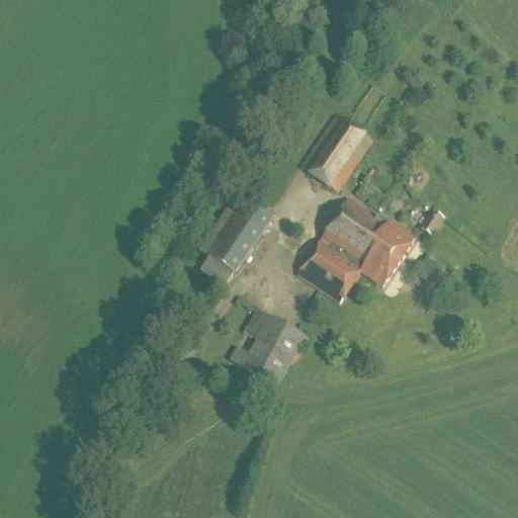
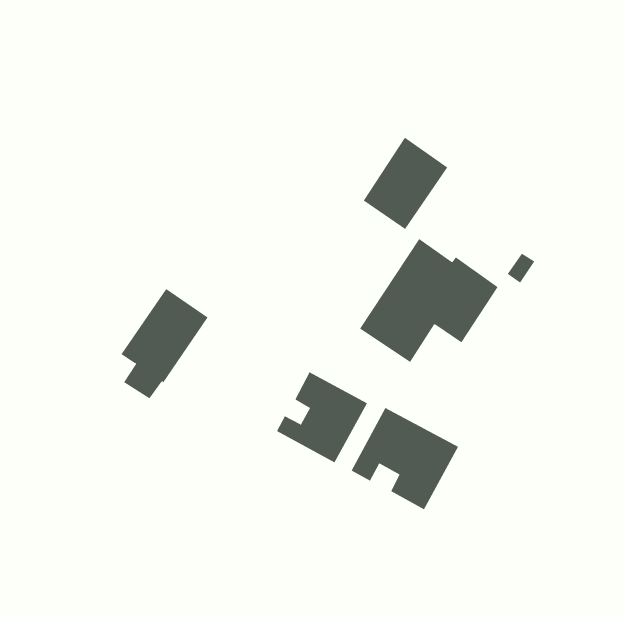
building: [199,193,272,285] -> [121,288,209,399]
building: none -> [351,407,459,510]

